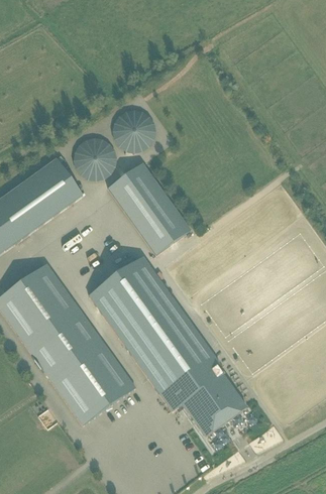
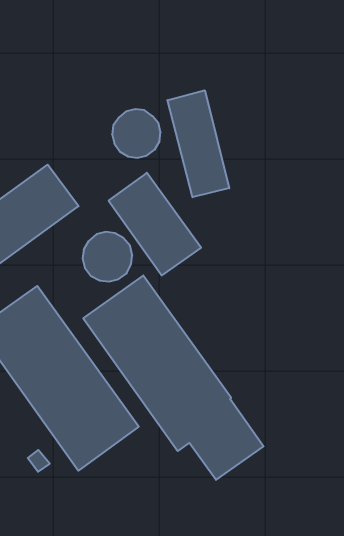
building: none -> [167,90,229,197]
building: [74,137,117,180] -> [83,232,132,282]

